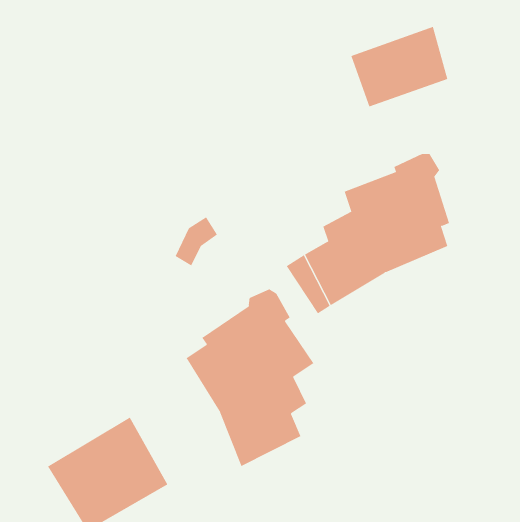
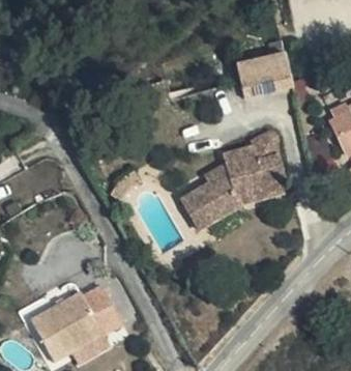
building: [186,289,314,467] -> none

